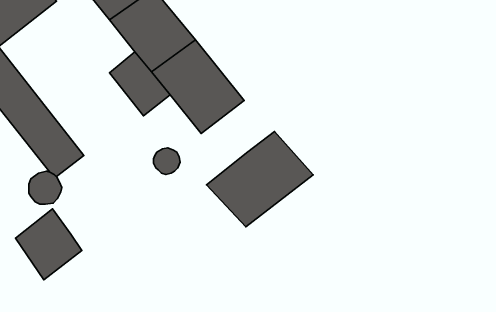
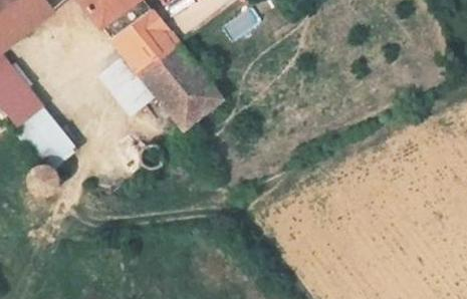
building: [207,132,313,227] -> none
building: [16,209,82,280] -> none

